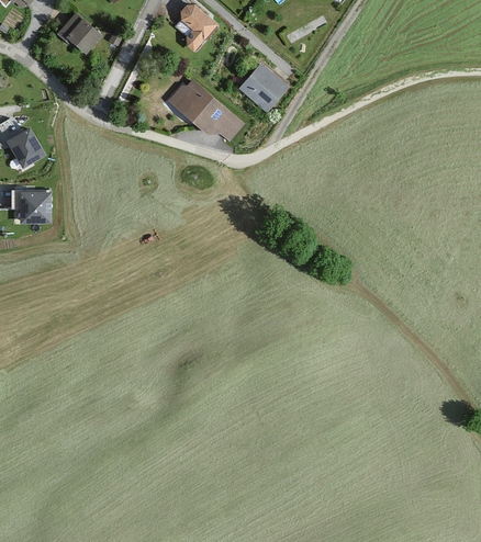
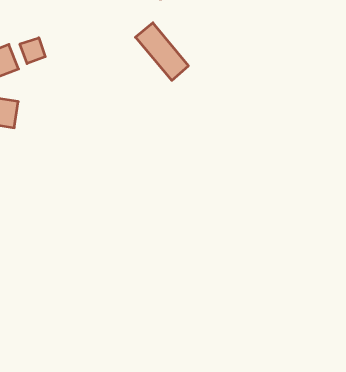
building: [240,65,284,110] -> none
building: none -> [20,38,45,64]

